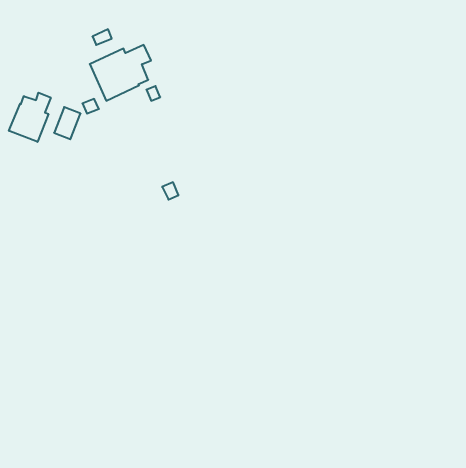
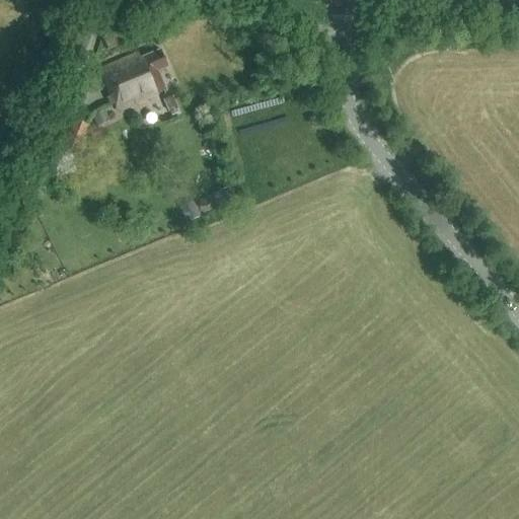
building: [9,93,51,142] -> none

